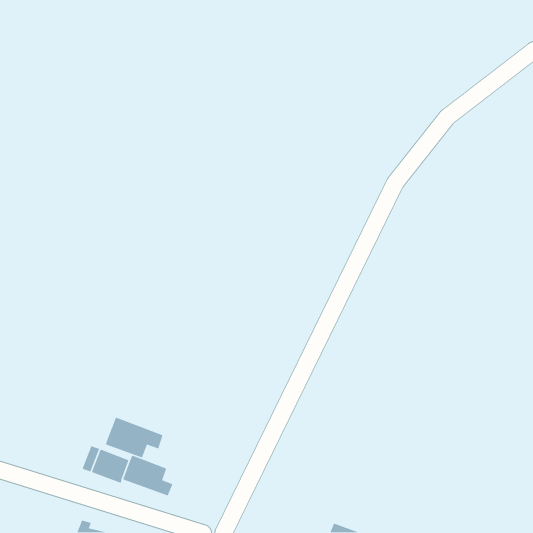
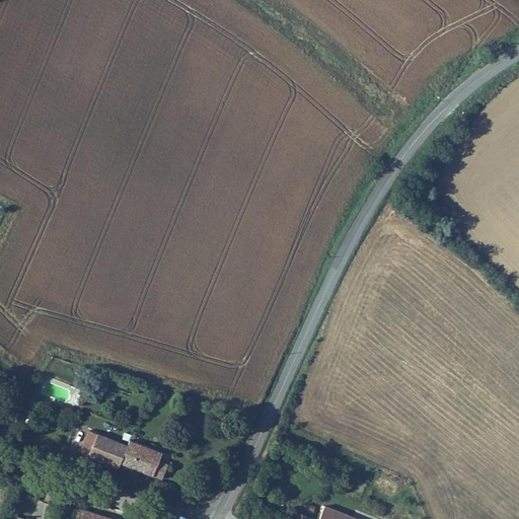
building: [105,416,164,459] -> none

